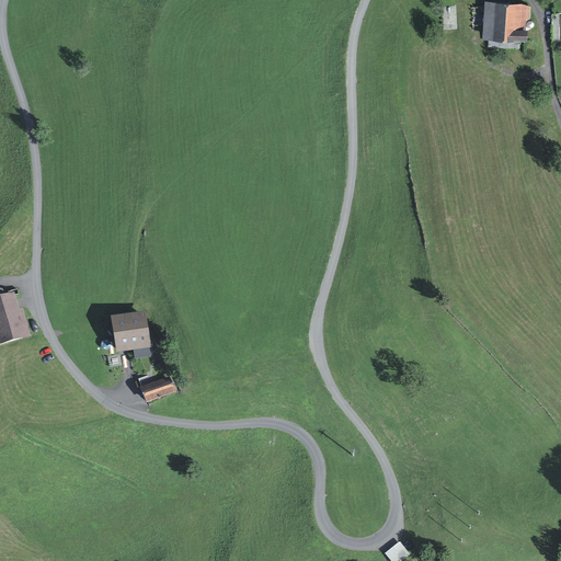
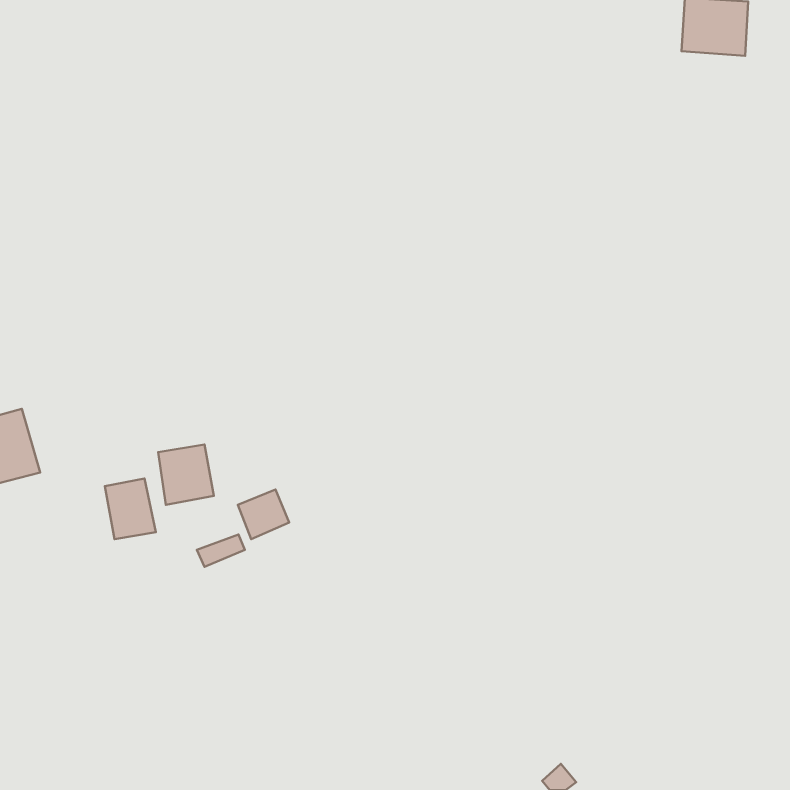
building: none -> [105,478,156,539]
building: none -> [238,490,289,539]

